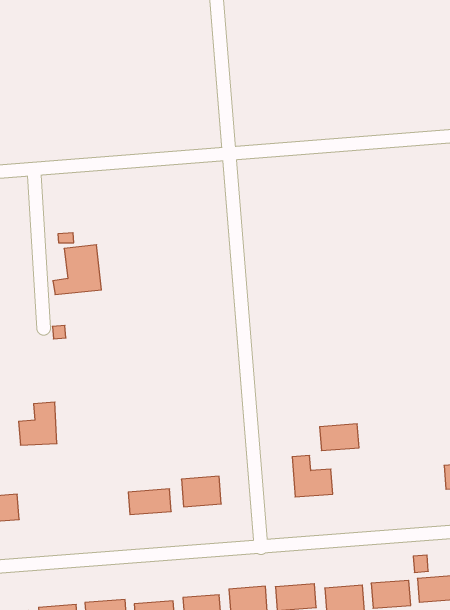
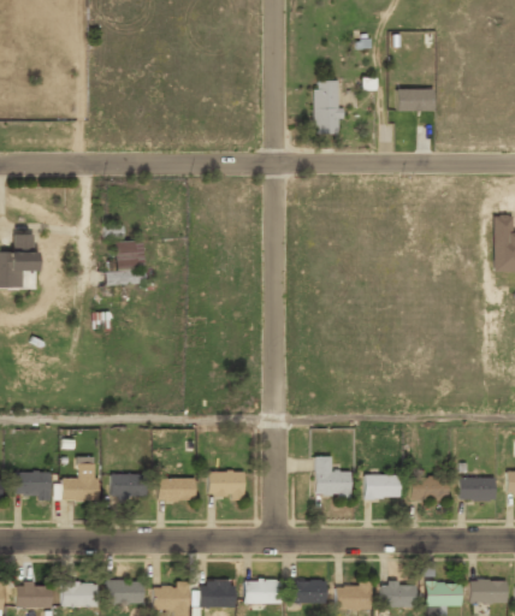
building: none -> [315,81,341,135]
building: none -> [397,90,433,111]
building: [19,402,57,445] -> [63,462,99,502]
building: [320,424,359,451] -> [365,475,401,498]
building: none -> [410,476,449,499]
building: none -> [112,474,146,497]

